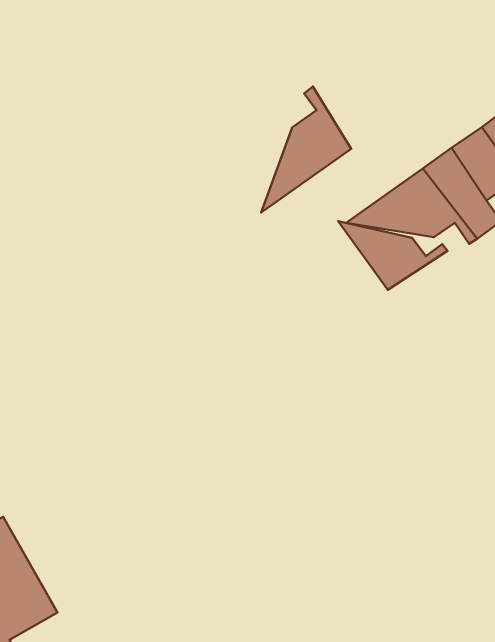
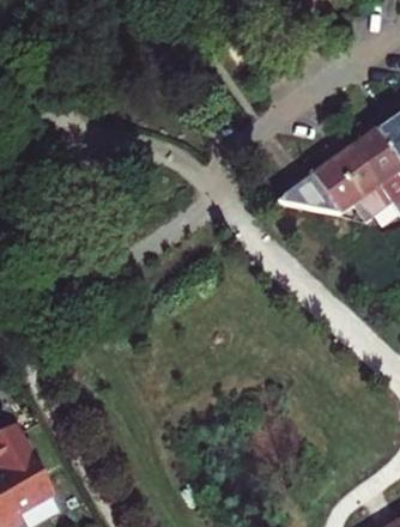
building: [261,87,351,213] -> none
building: [338,221,448,290] -> none

